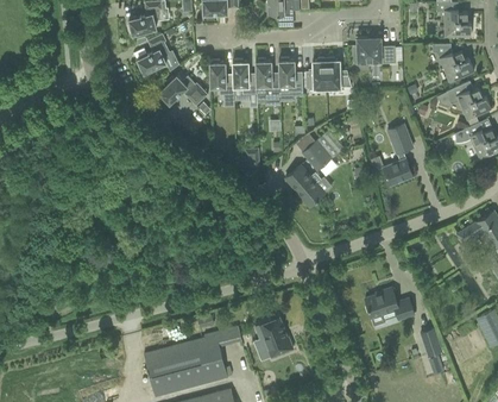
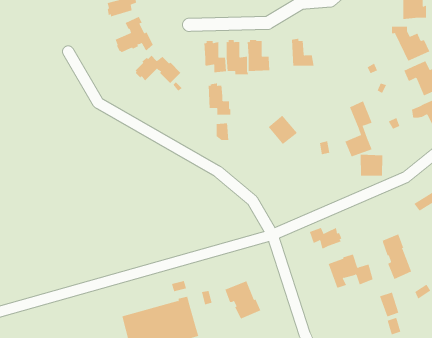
building: [355,37,396,64] -> none
building: [305,58,327,88] -> none
building: [209,59,234,94] -> [208,83,231,115]
building: [285,165,332,206] -> none
building: none -> [360,154,383,176]
building: none -> [309,227,342,249]
building: none -> [382,233,412,280]

